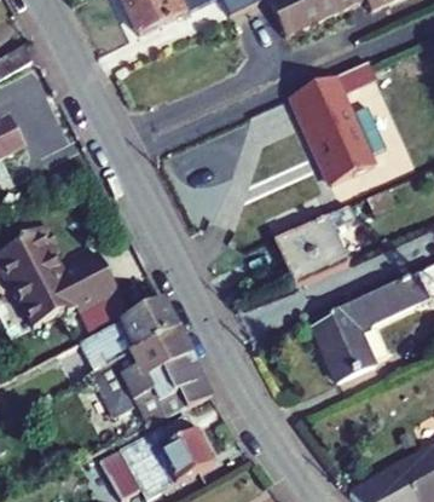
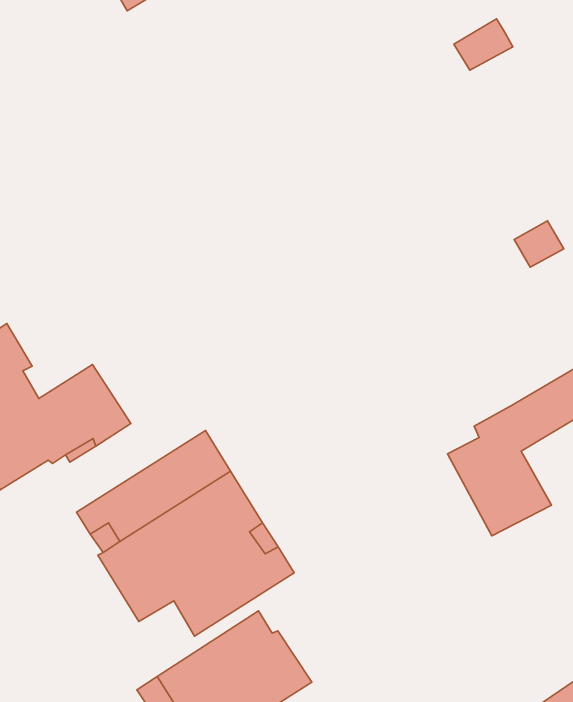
building: [290,76,386,184] -> none
building: [273,206,353,283] -> none

